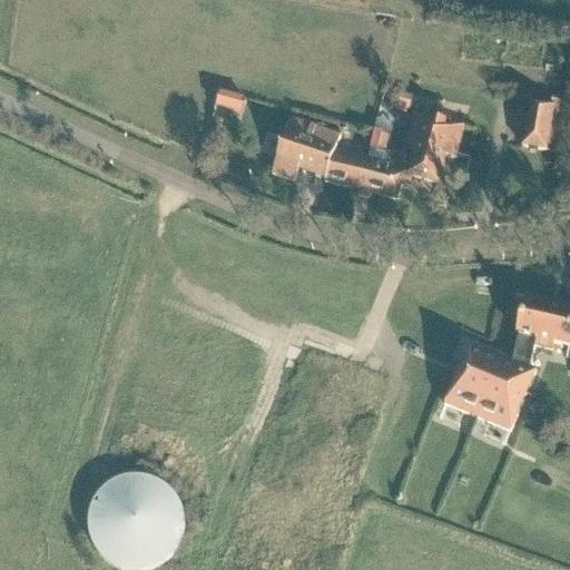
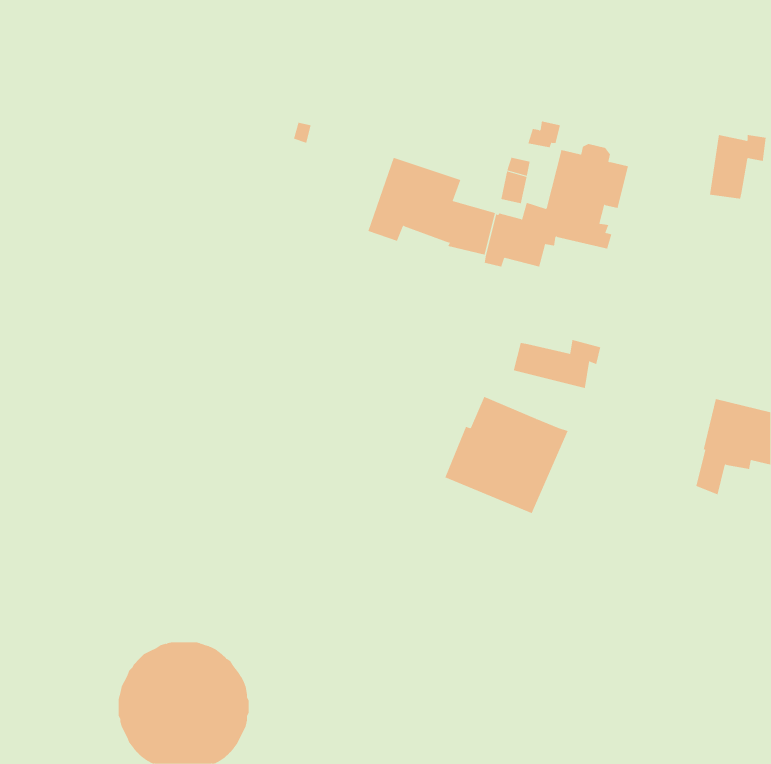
building: none -> [513,339,601,389]
building: [444,342,535,429] -> [444,396,568,514]

